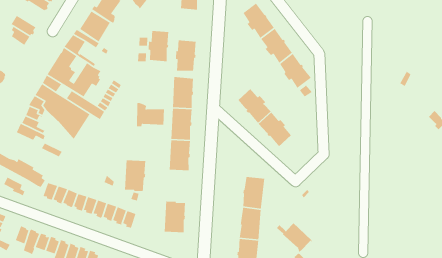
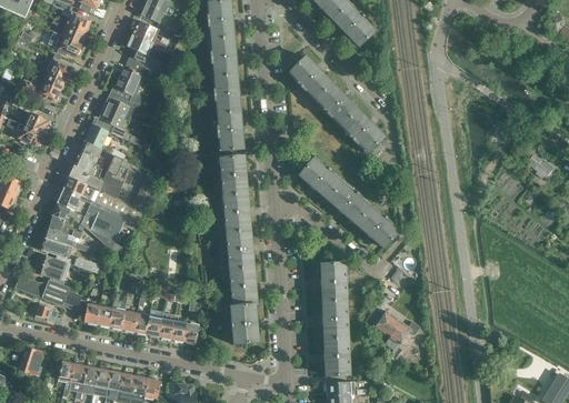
building: [148,30,169,62] -> [213,74,240,112]
building: [136,102,165,127] -> none
building: none -> [356,206,398,248]
building: none -> [33,253,70,288]
building: [124,160,146,192] -> [229,266,256,305]

